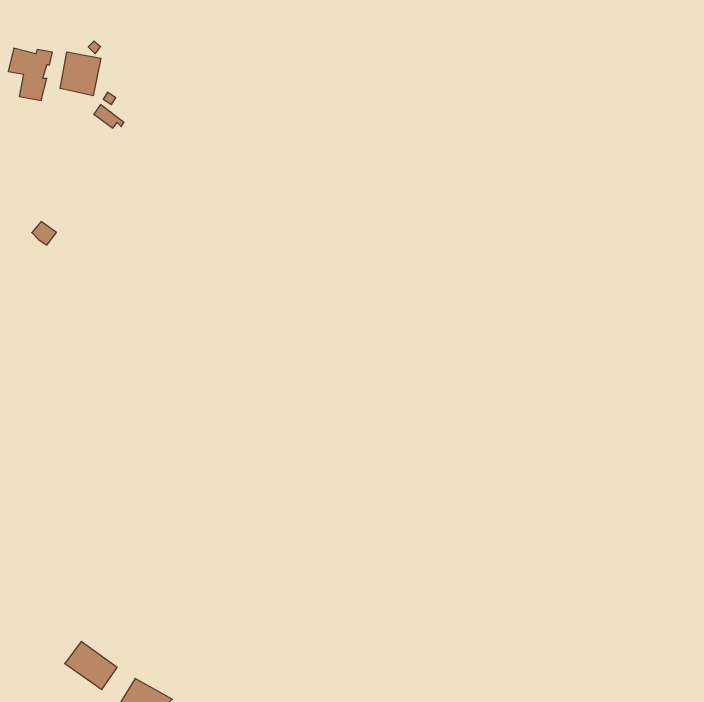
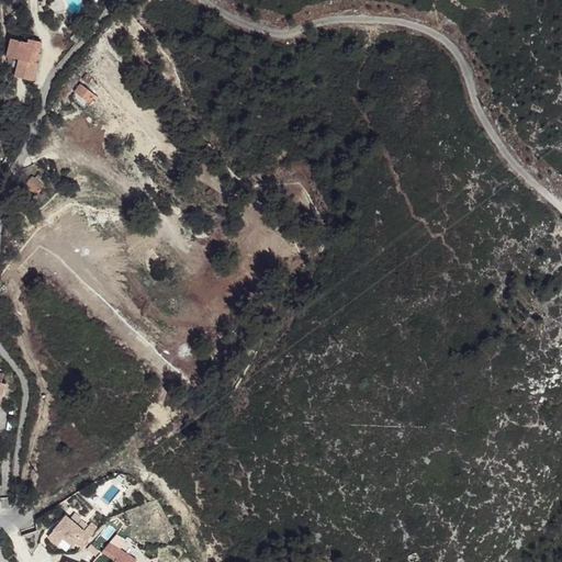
building: [60,52,101,96] -> none

